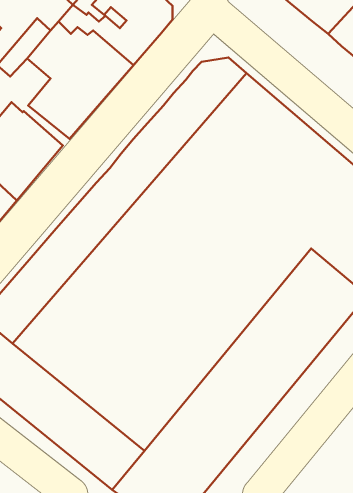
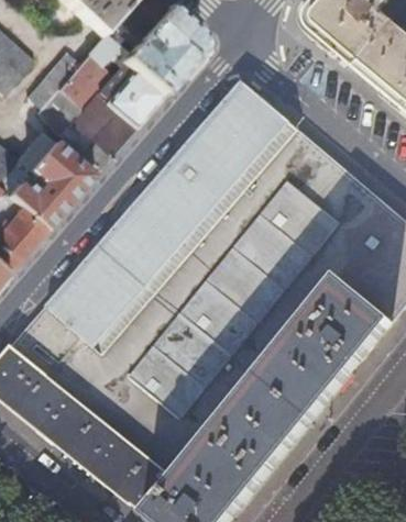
building: none -> [40,90,80,136]

